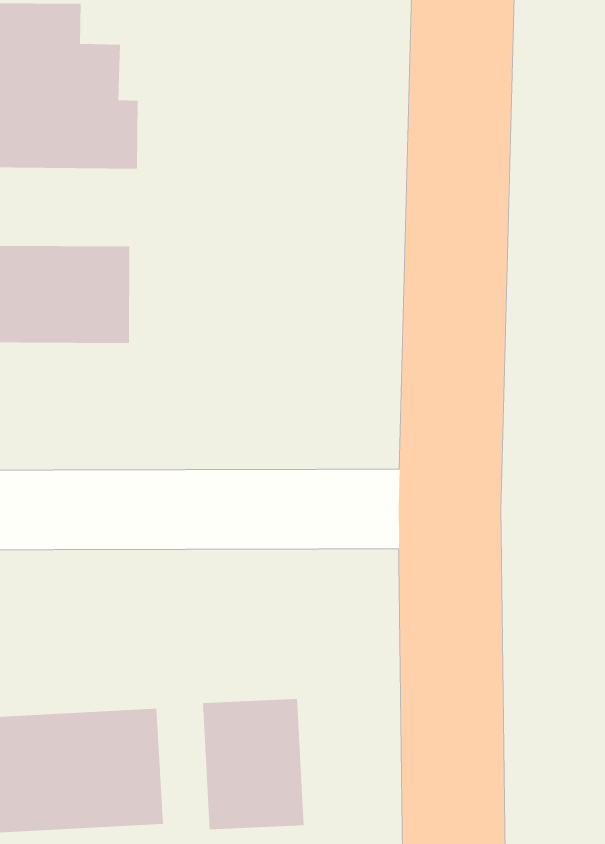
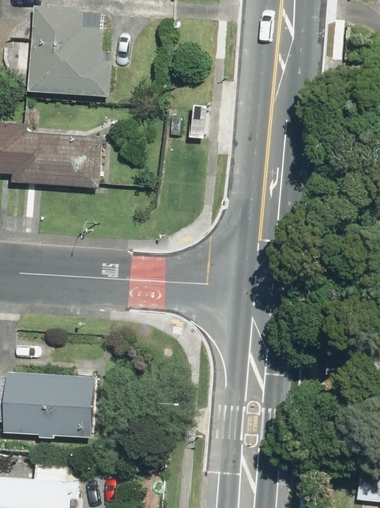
building: [202,698,304,830] -> none

